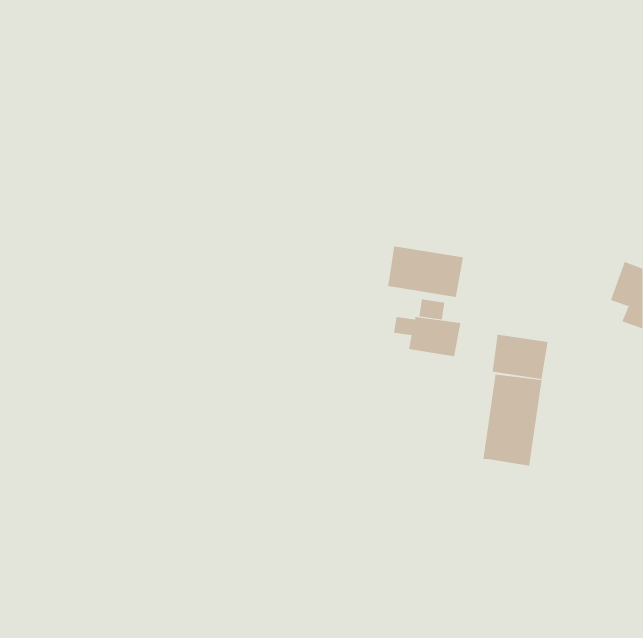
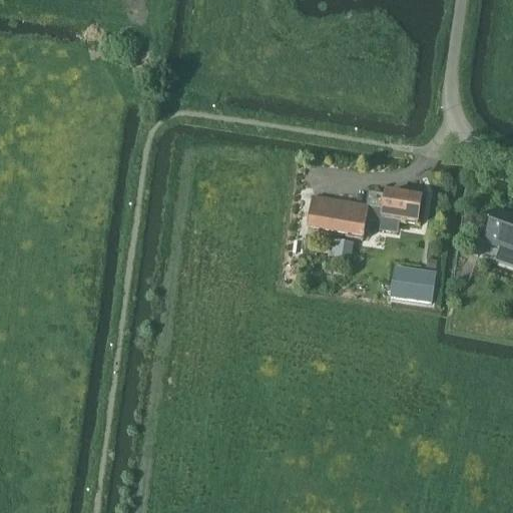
building: [393,316,461,357] -> [368,190,422,222]
building: [483,374,542,467] -> none

